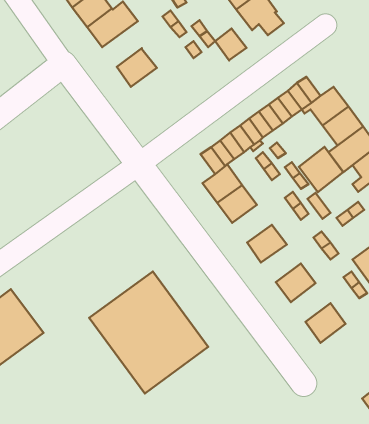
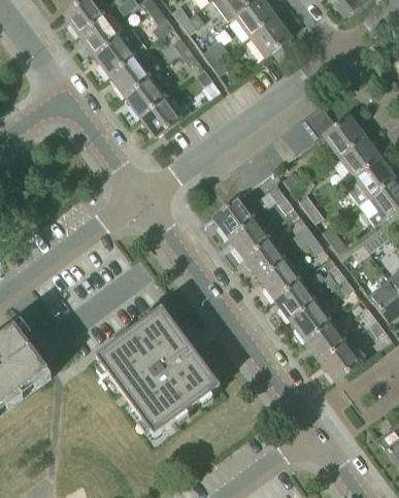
building: none -> [108,47,161,95]
building: [215,28,246,60] -> none
building: none -> [138,96,180,137]
building: [299,147,343,192] -> none
building: none -> [243,238,285,277]
building: none -> [273,274,321,319]
building: none -> [304,320,345,360]

